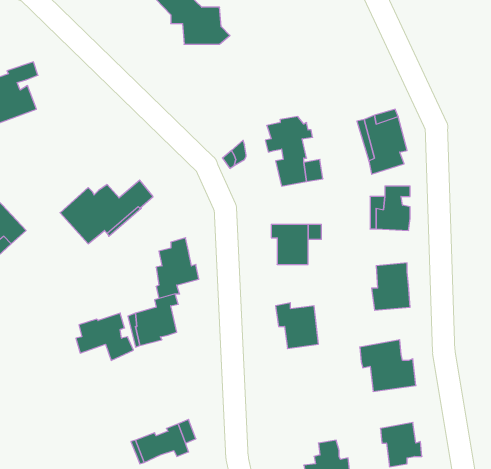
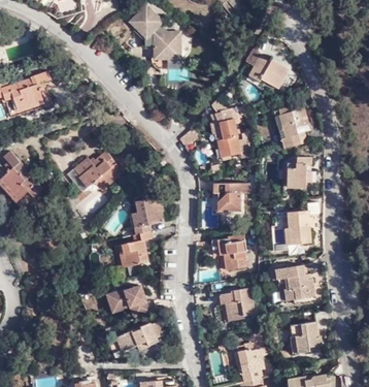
building: none -> [246,49,290,88]
building: [76,313,133,360] -> [109,285,149,318]
building: none -> [219,287,255,320]

